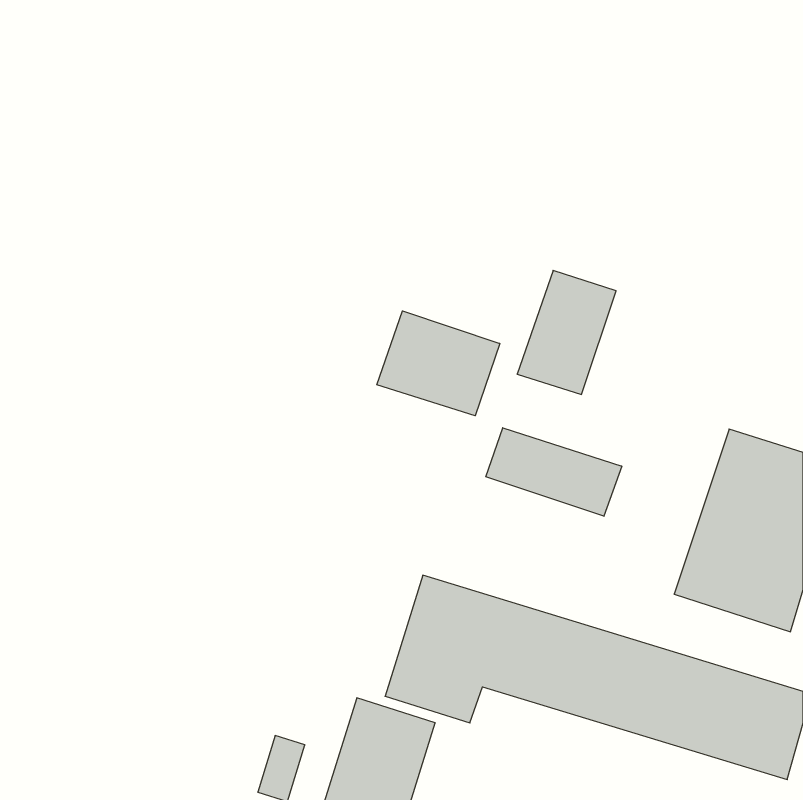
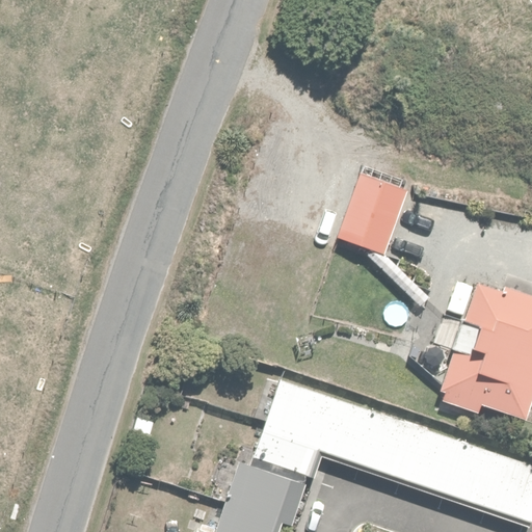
building: [377,311,500,416] -> none
building: [486,428,622,516] -> none

